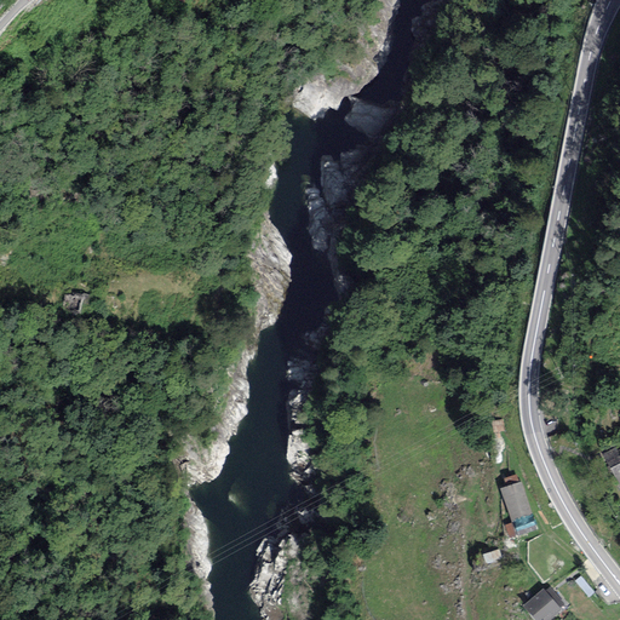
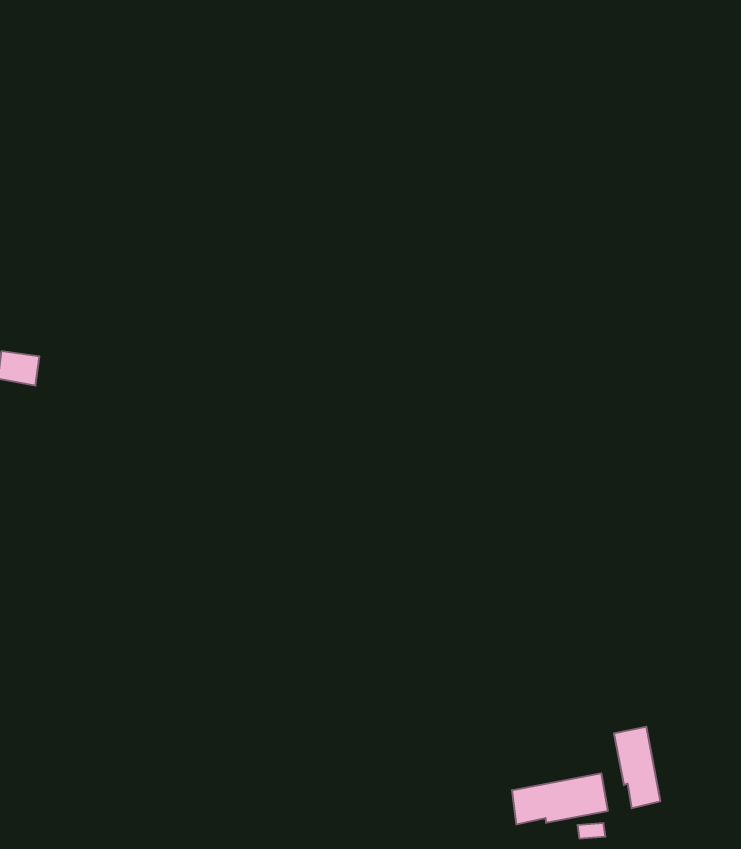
building: none -> [512,773,608,824]

